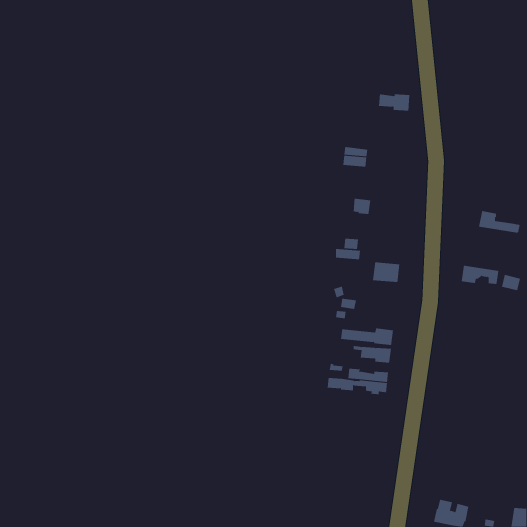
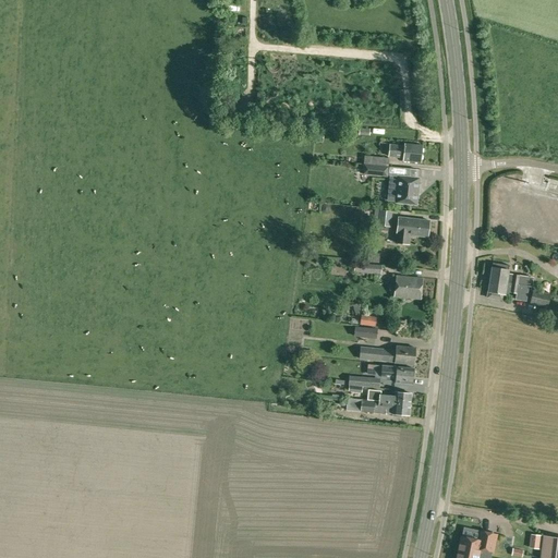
building: [378,94,410,111] -> [388,144,422,162]
building: none -> [387,177,420,205]
building: none -> [396,218,429,244]
building: [478,210,521,234] -> [489,263,534,288]

